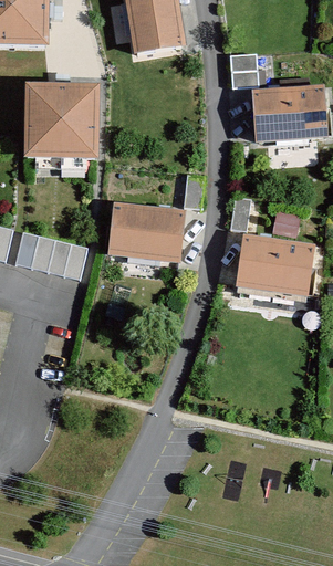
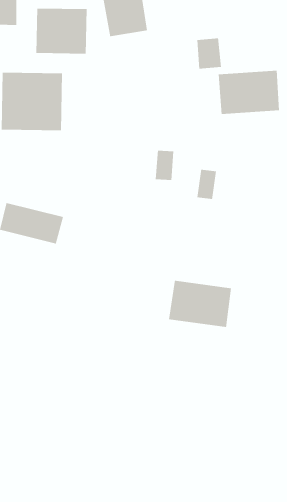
building: none -> [36,8,87,54]
building: [110,209,181,260] -> none
building: [239,241,309,293] -> [168,280,232,328]

